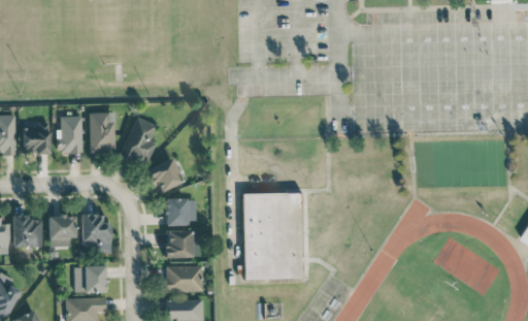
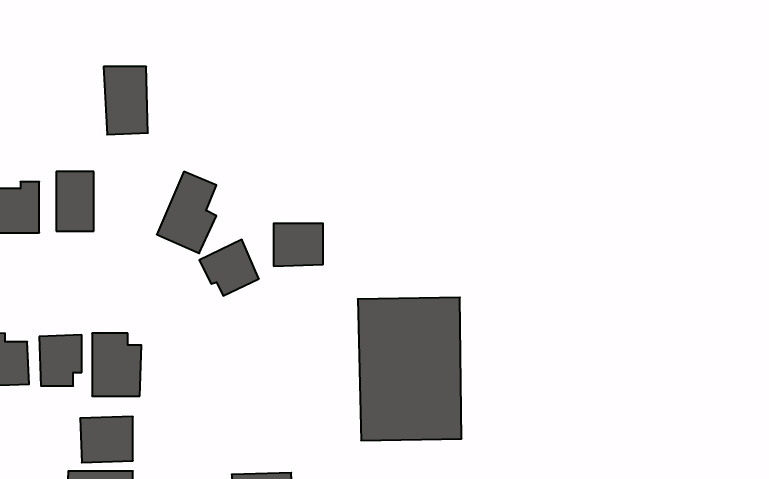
building: [89,113,116,154] -> [104,67,148,135]
building: [166,199,196,225] -> [274,223,323,266]
building: [167,231,199,258] -> none
building: [165,266,203,292] -> none

